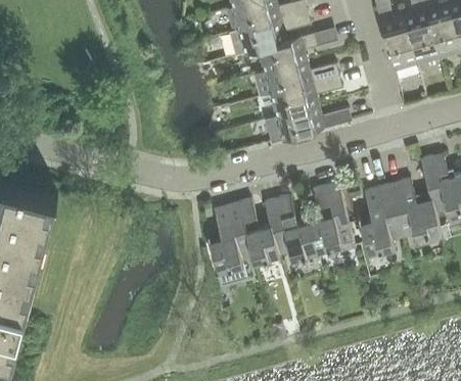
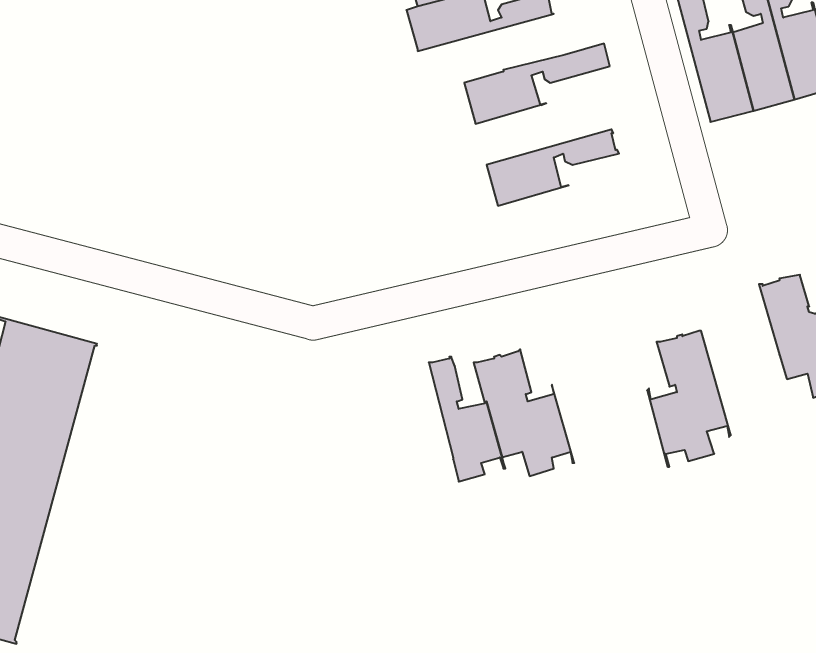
building: [229,10,311,55] -> none
building: [265,59,339,93] -> none
building: [265,104,352,141] -> none
building: [388,178,444,245] -> none
building: [307,181,354,256] -> none
building: [208,201,252,277] -> none

